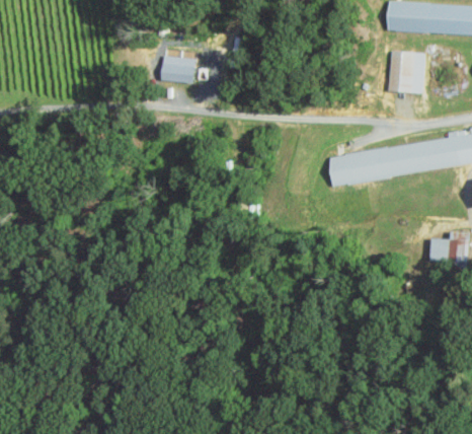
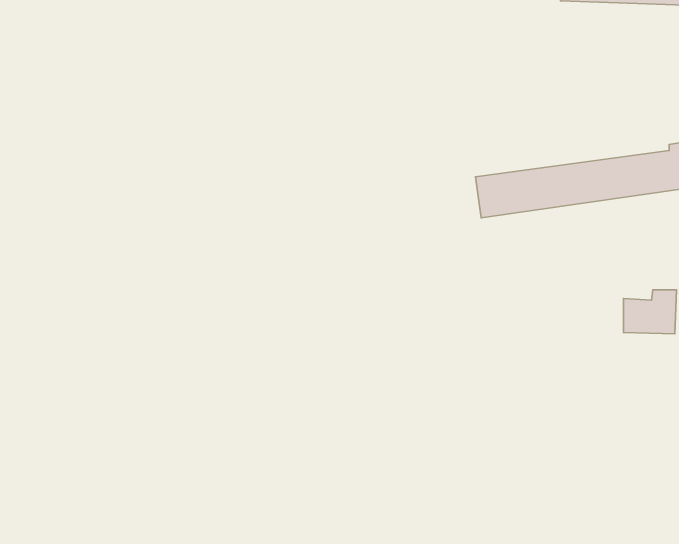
building: [388,51,424,93] -> none
building: [162,57,195,82] -> none

